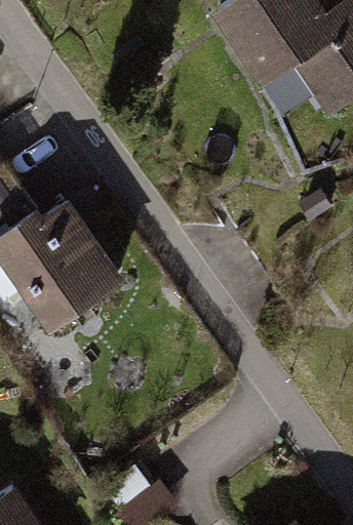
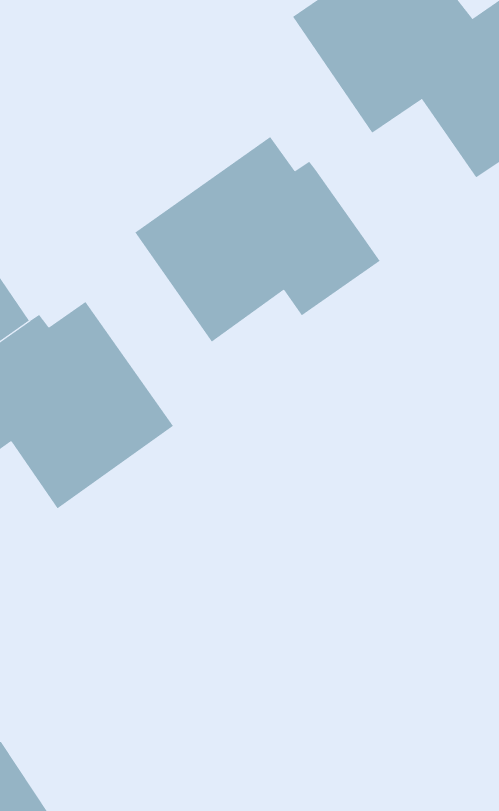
building: none -> [135,136,381,342]

